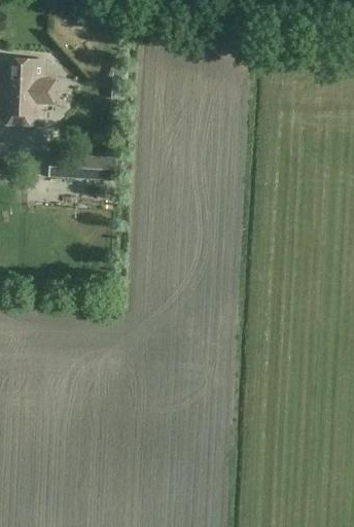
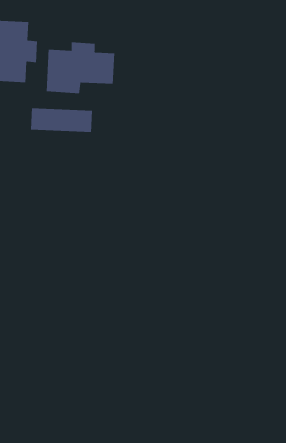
building: none -> [46,42,115,94]

